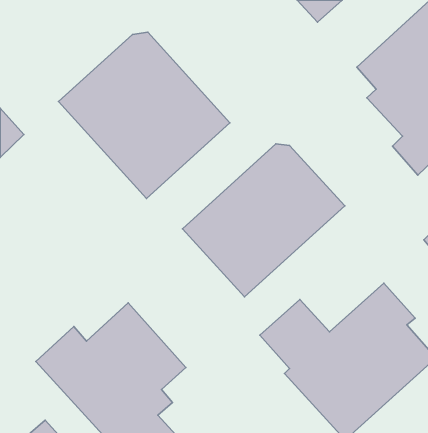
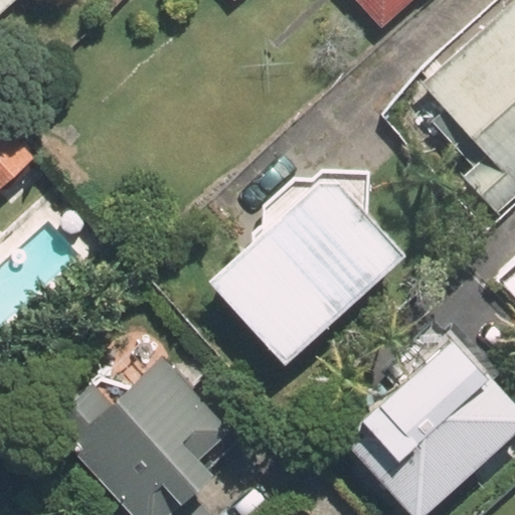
building: [58,32,230,198] -> none

